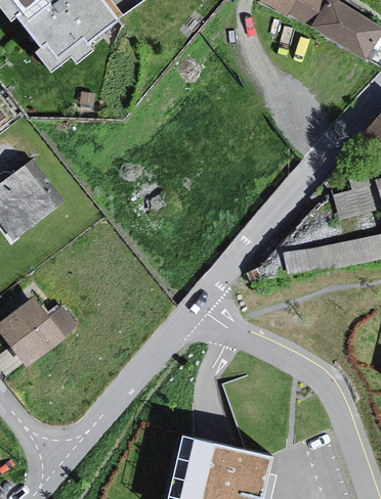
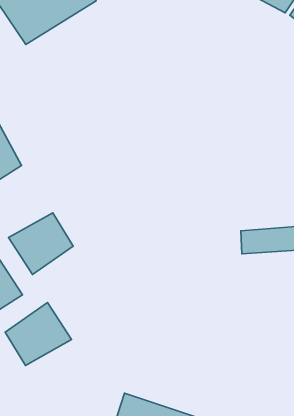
building: none -> [9,213,73,275]
building: none -> [5,303,71,366]

